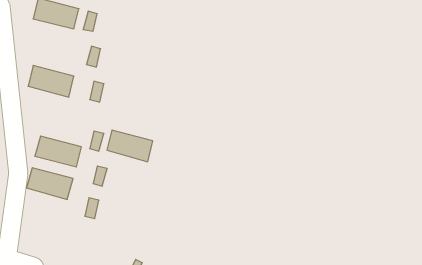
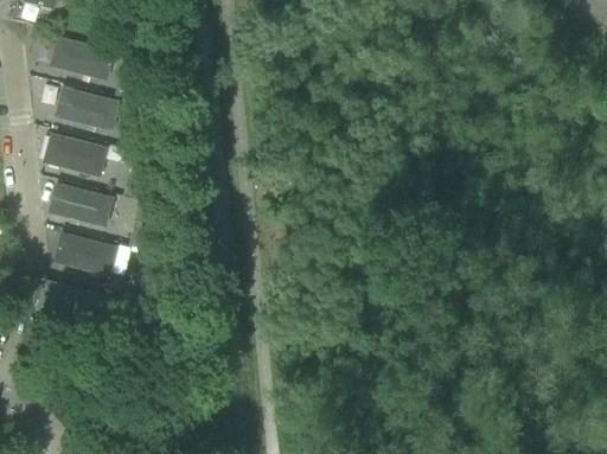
building: none -> [53,85,120,130]
building: [107,130,153,162] -> [47,181,113,226]

